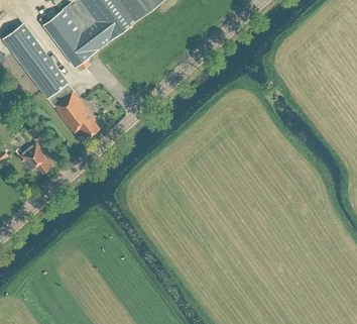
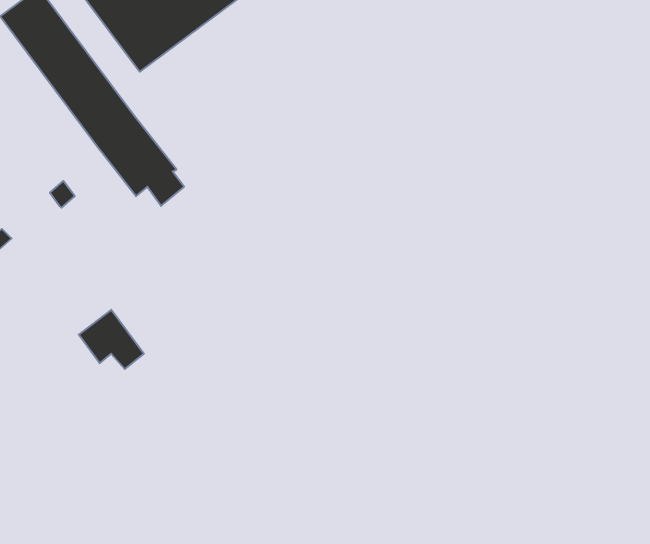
building: [18,141,52,173] -> [79,310,144,369]

